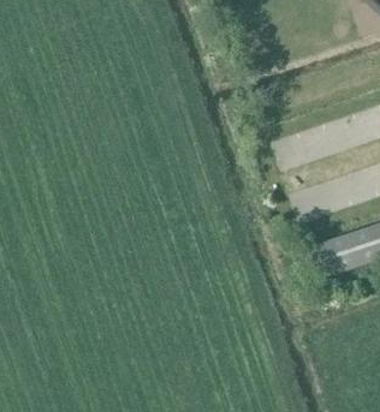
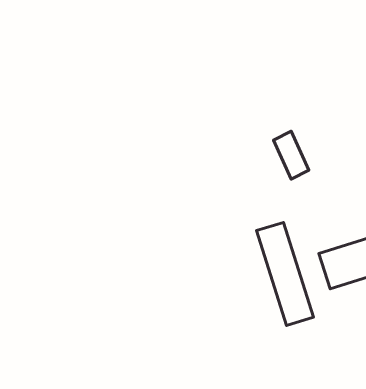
building: none -> [257,222,313,326]

